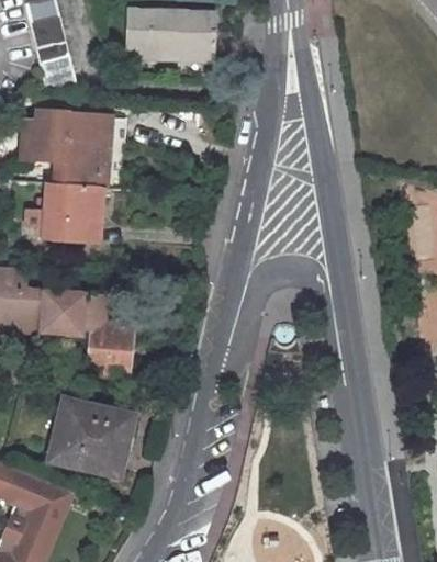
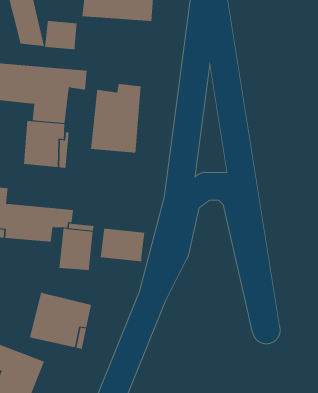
building: none -> [45,20,77,50]
building: none -> [91,83,141,153]
building: none -> [100,228,145,262]

